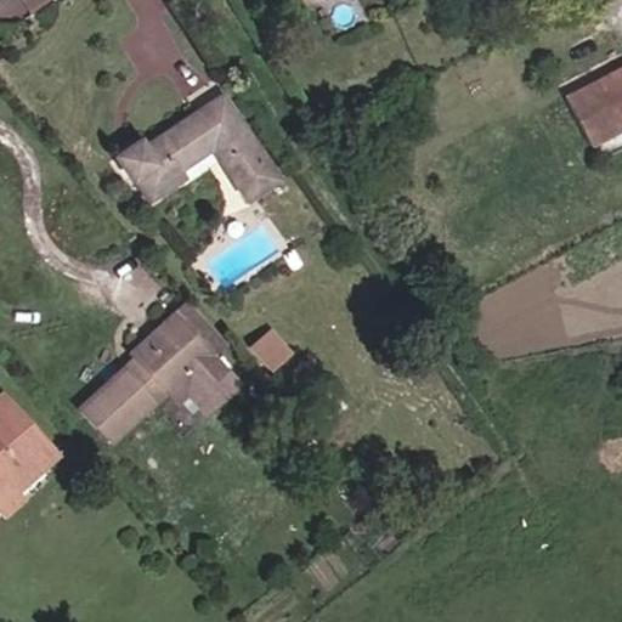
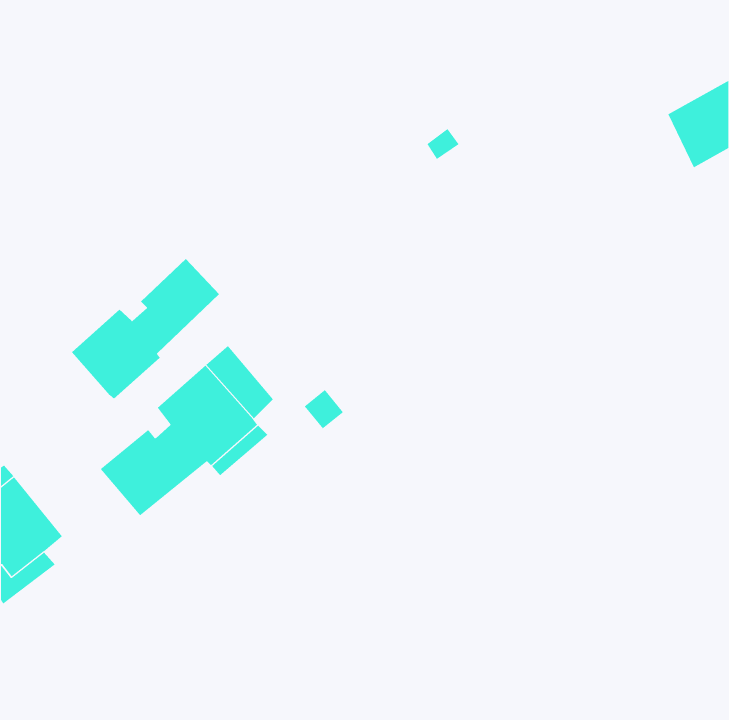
building: [115,95,279,199] -> none
building: none -> [71,258,220,400]

